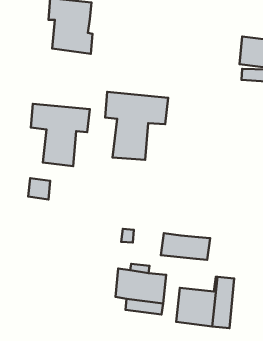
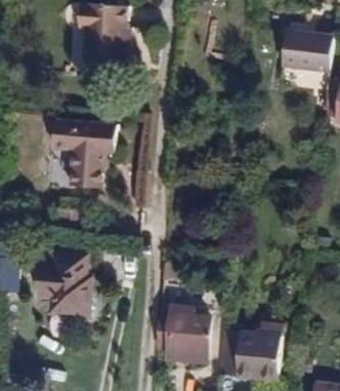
building: [105,92,168,160] -> none
building: none -> [33,258,83,320]
building: [161,233,210,260] -> none

